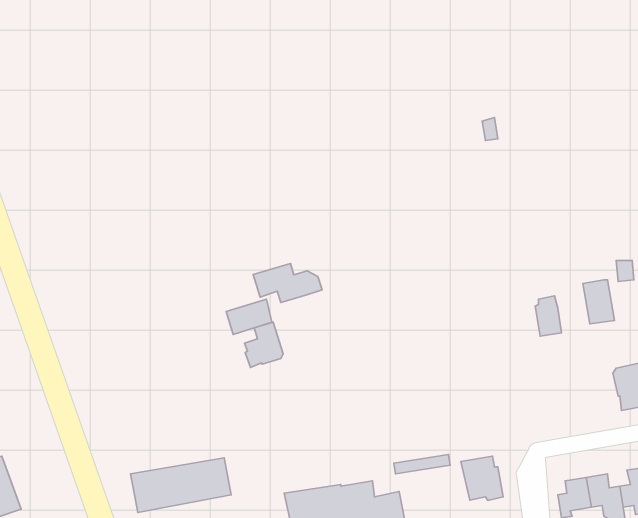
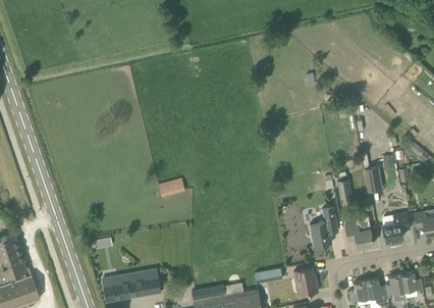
building: [253,263,322,303] -> none
building: [245,322,283,367] -> none
building: none -> [310,206,337,246]
building: none -> [344,222,373,248]

